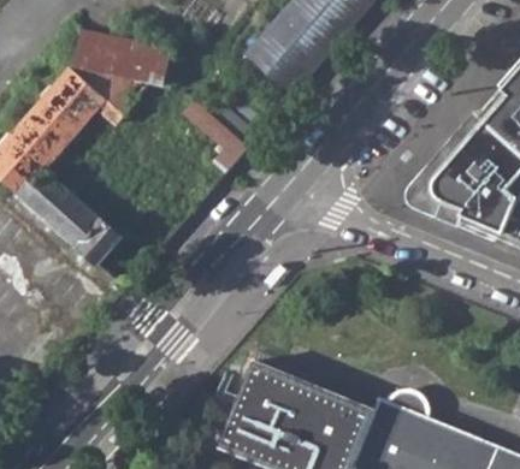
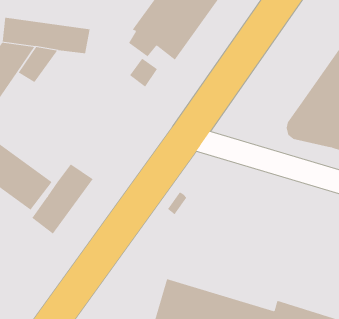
building: [185,96,249,170] -> none
building: none -> [32,163,93,234]

